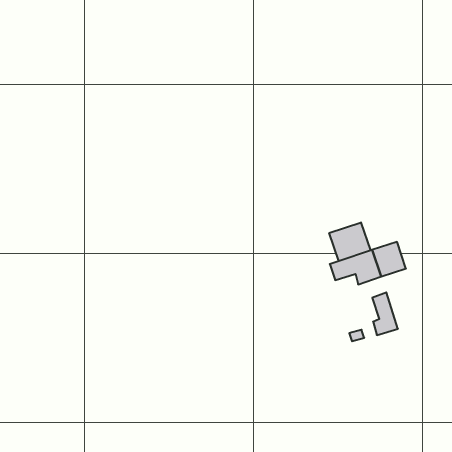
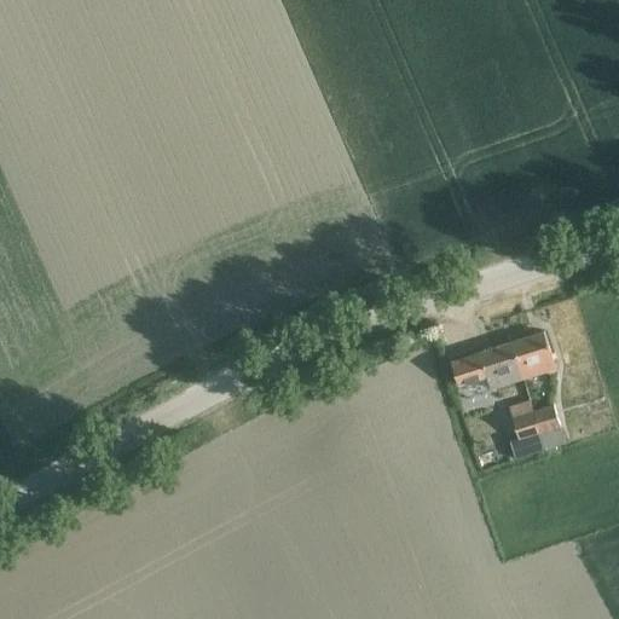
building: [329,222,371,261] -> none
building: none -> [527,400,563,450]

